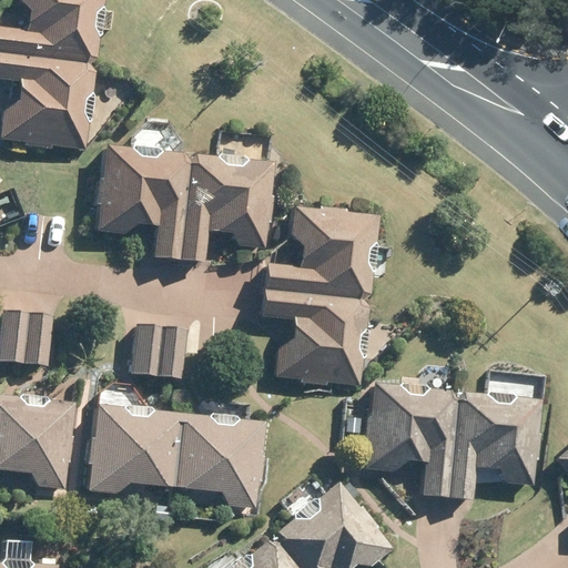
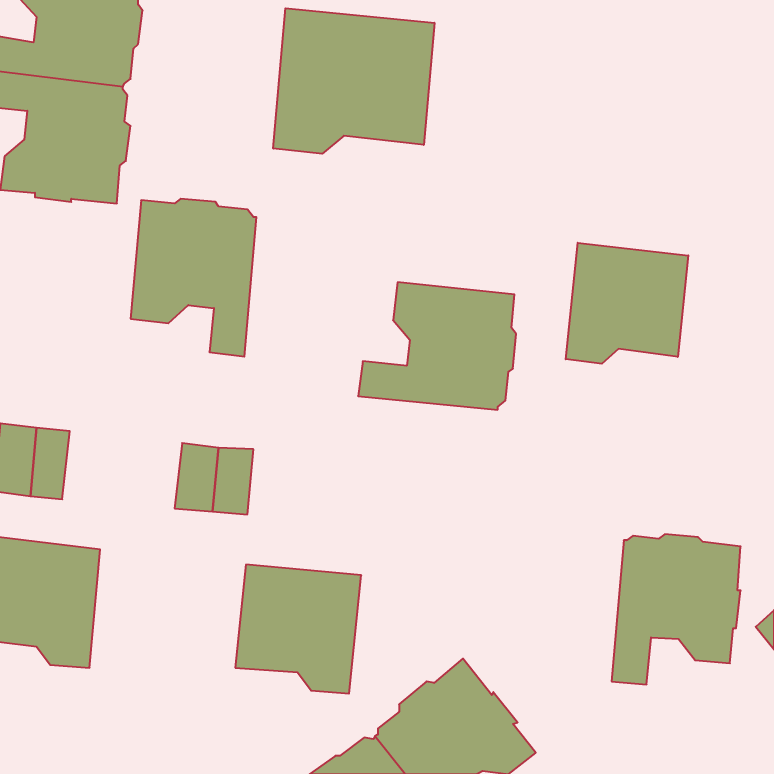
building: none -> [273,8,434,154]
building: [179,153,273,263] -> none
building: none -> [566,243,688,364]
building: [260,290,368,385] -> none
building: [364,383,456,498] -> none
building: [87,405,180,493] -> none

